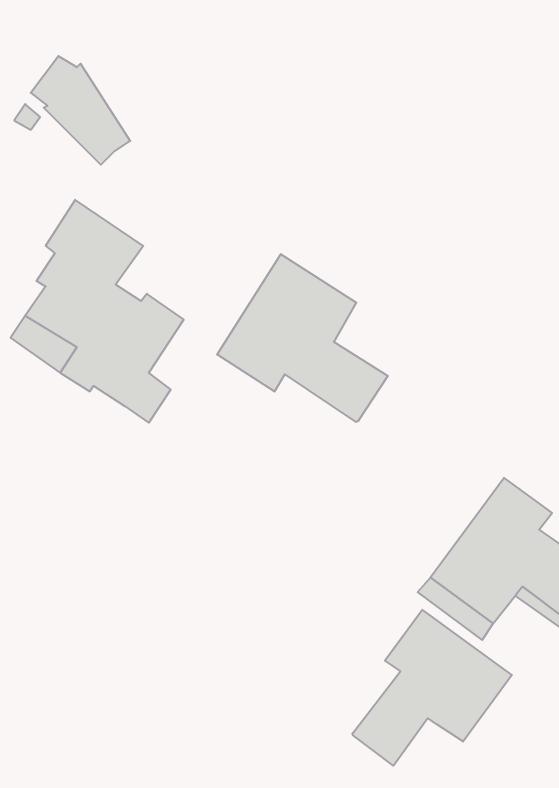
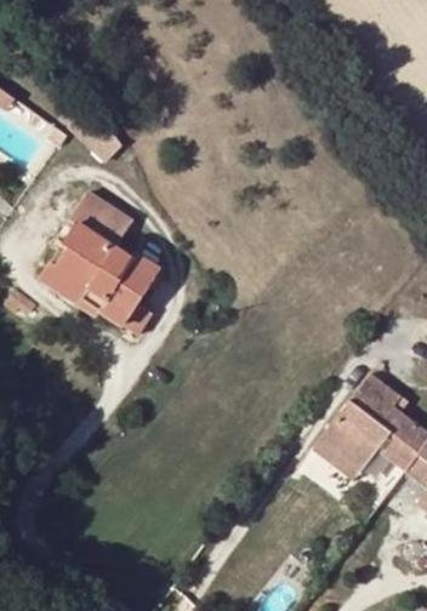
building: [217,254,388,422] -> none
building: [352,610,512,766] -> none

